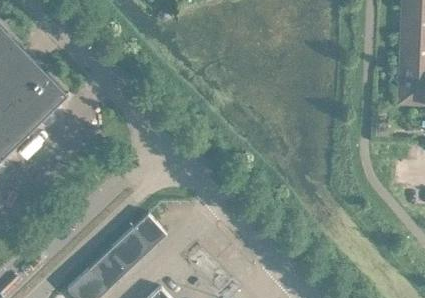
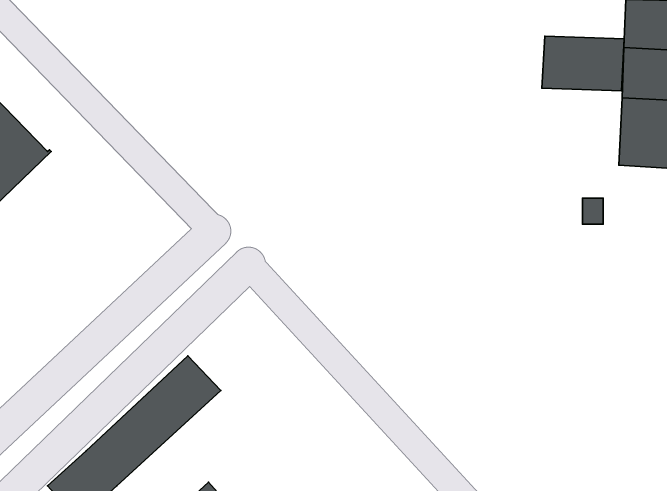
building: none -> [542,36,624,91]

